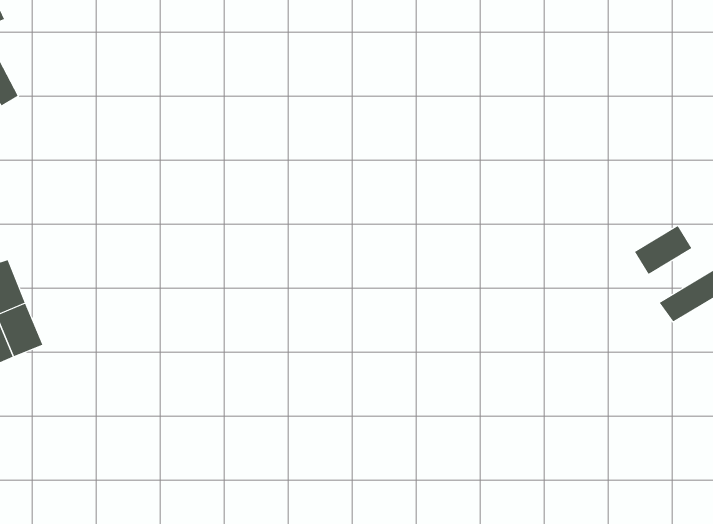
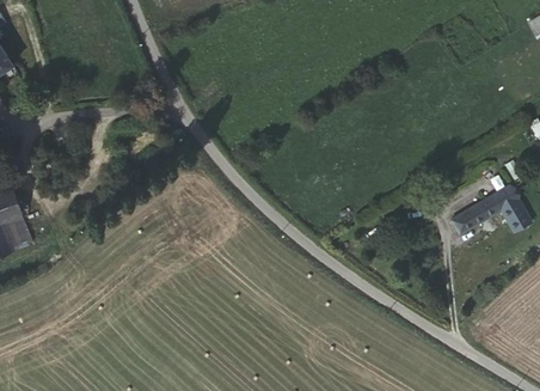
building: [634,225,692,275] -> none

